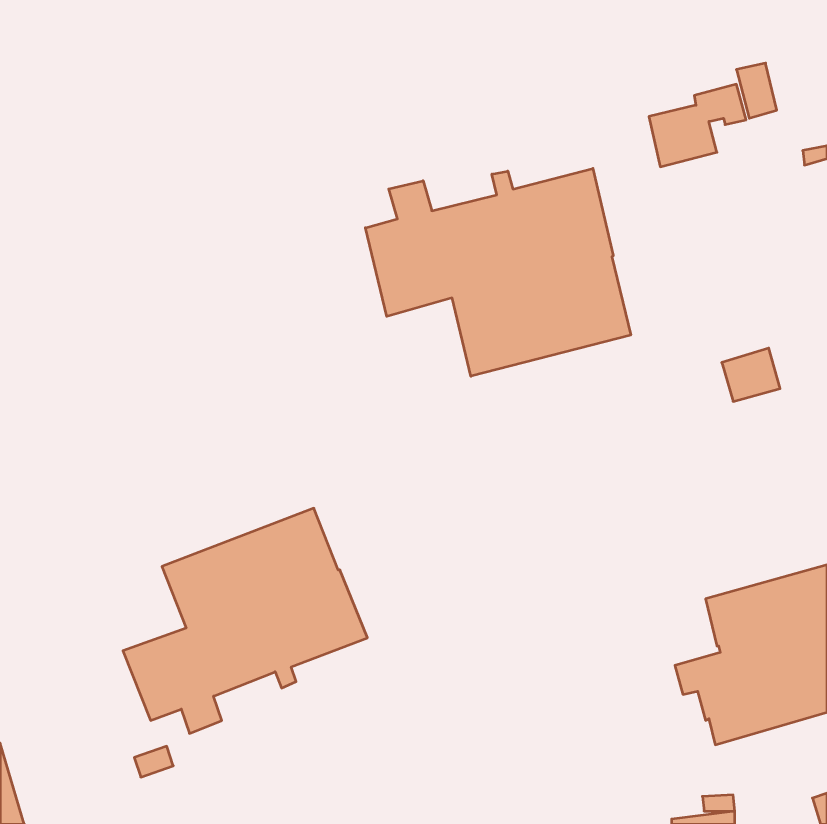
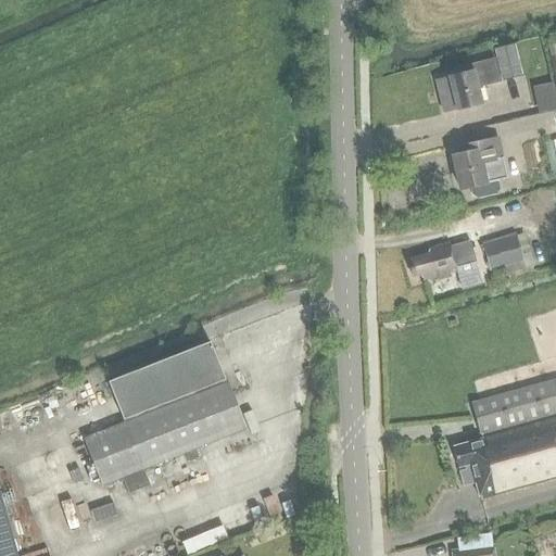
building: [365,168,631,376] -> none
building: none -> [452,137,507,195]
building: none -> [409,239,480,282]

